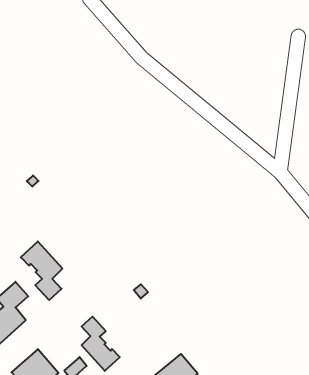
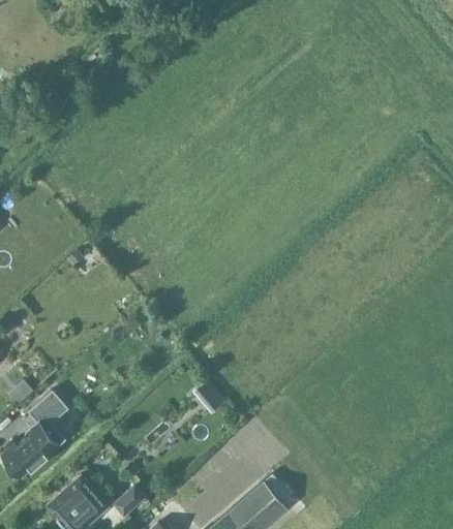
building: [21,241,62,300] -> none
building: [82,317,120,371] -> none

